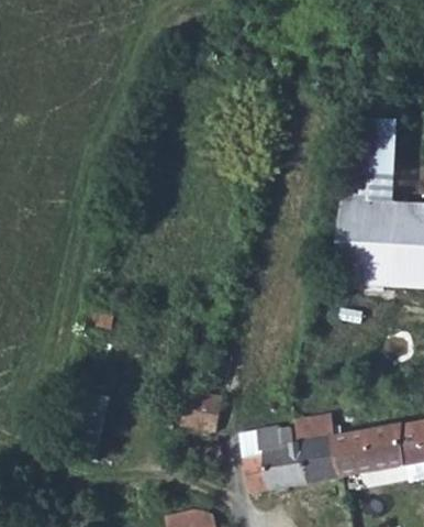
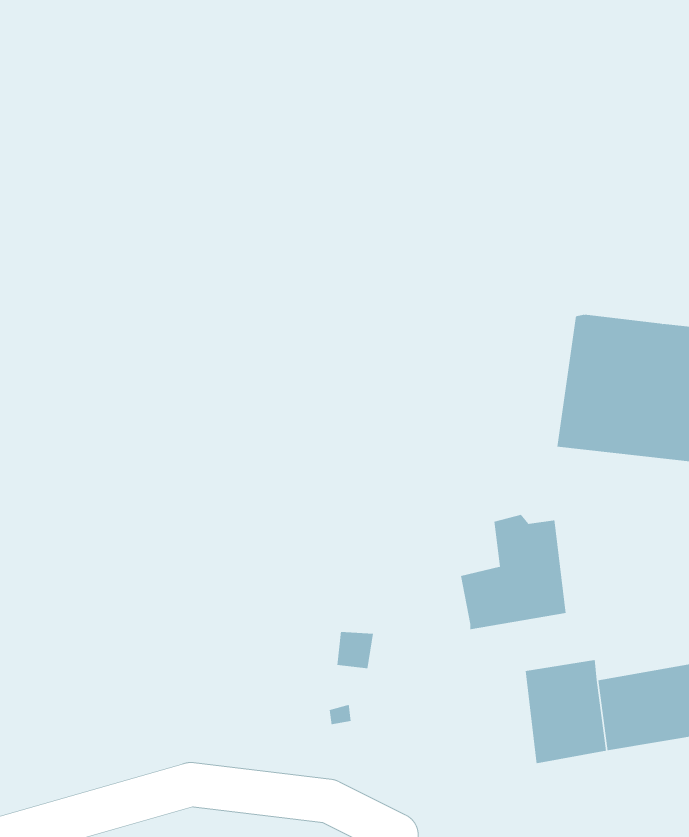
building: [346,135,395,216] -> none
building: [255,417,317,485] -> [460,514,566,630]

